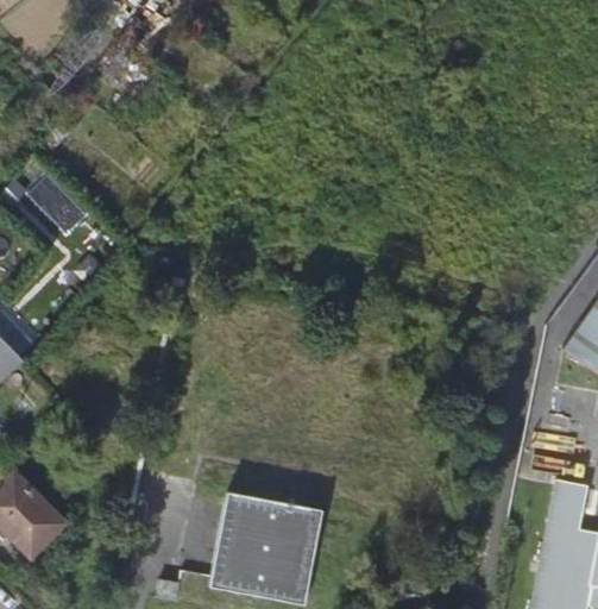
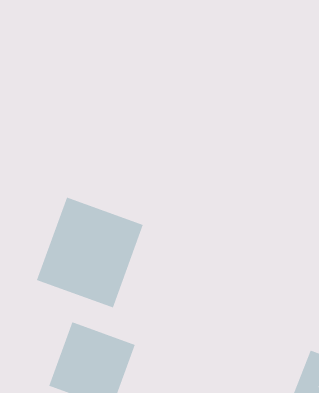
building: none -> [36,197,144,309]

